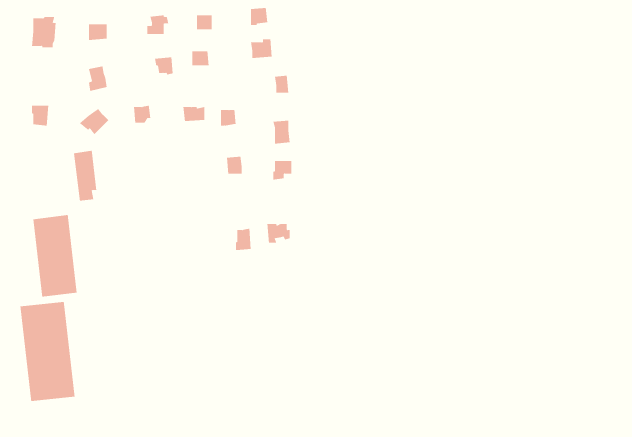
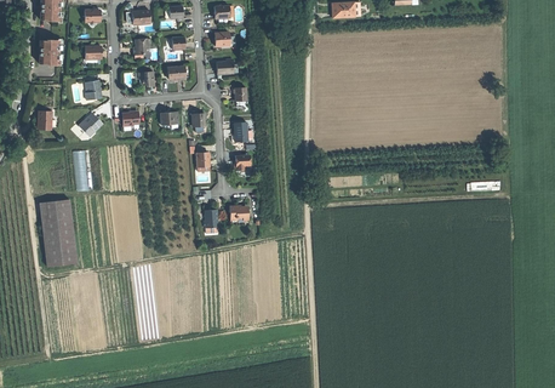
building: [20,301,75,402] -> none

